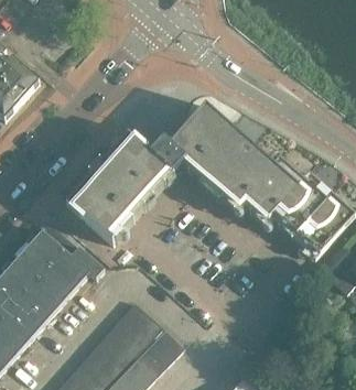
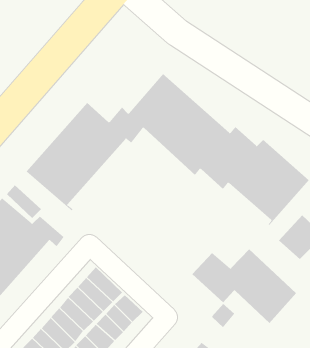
building: none -> [191,248,297,324]

